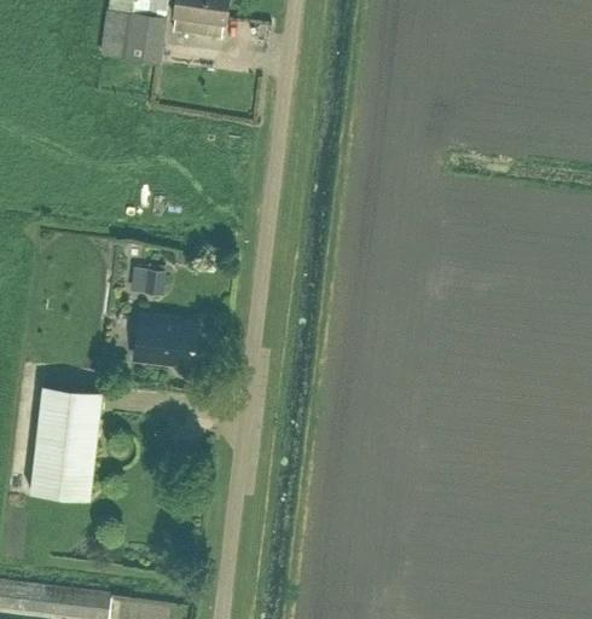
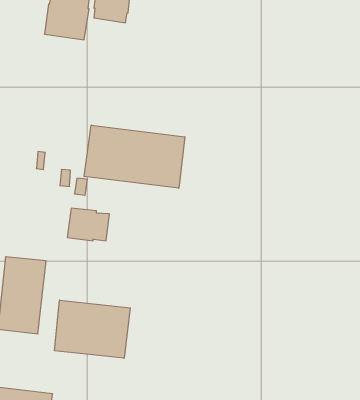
building: none -> [84,125,185,188]
building: none -> [54,300,130,358]

